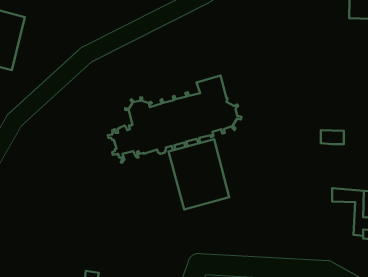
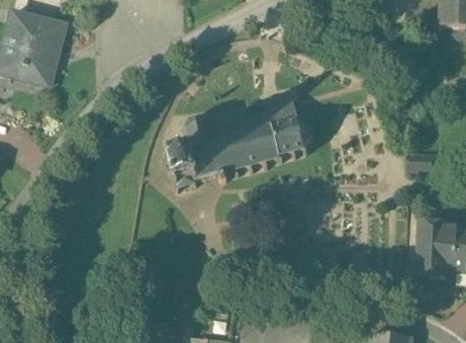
building: [168,139,229,210] -> none
building: none -> [416,236,446,274]

